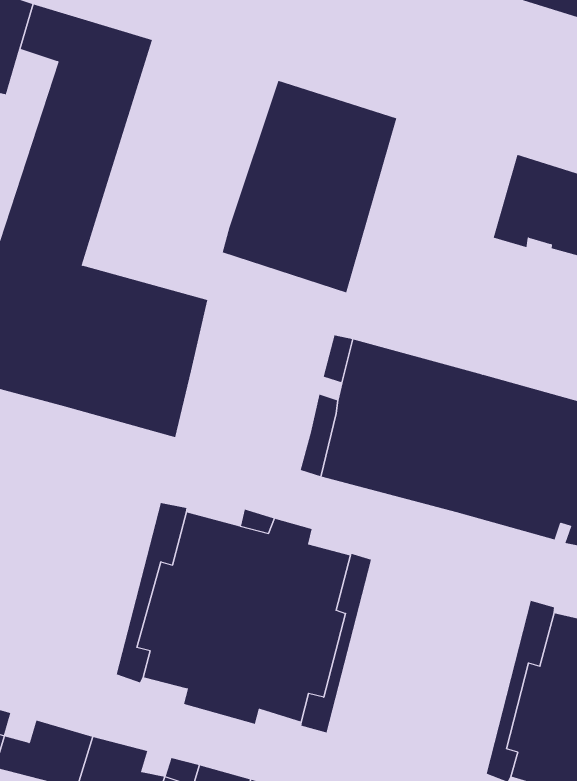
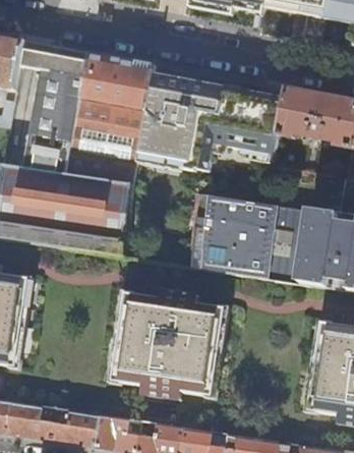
building: none -> [64,52,154,183]
building: none -> [202,77,282,172]

